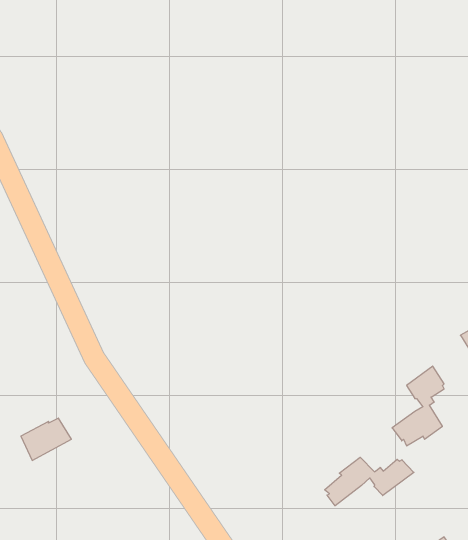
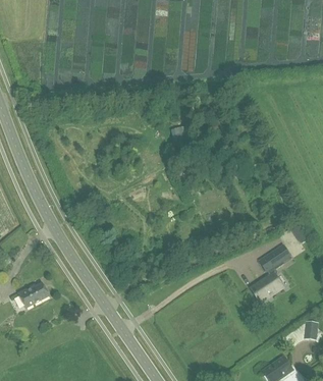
building: [325,457,414,506] -> none

